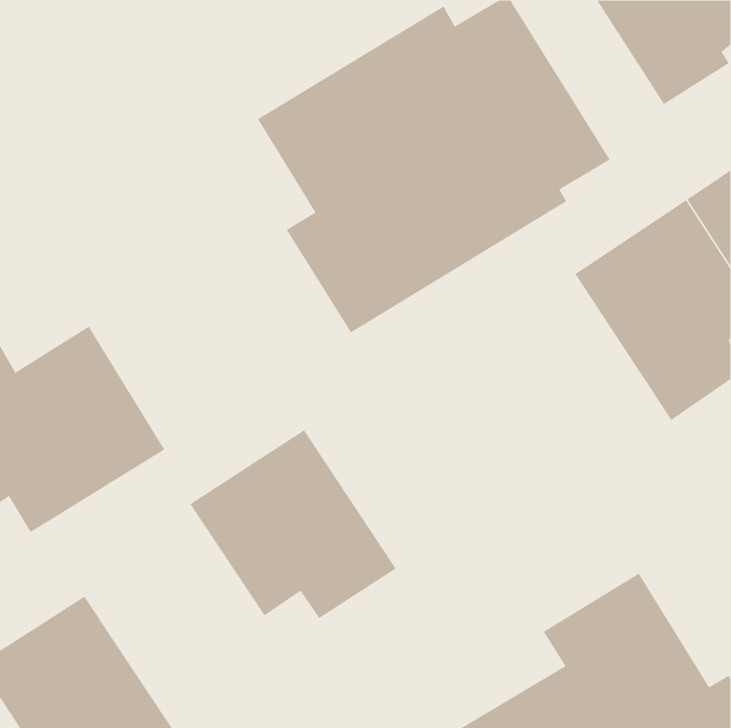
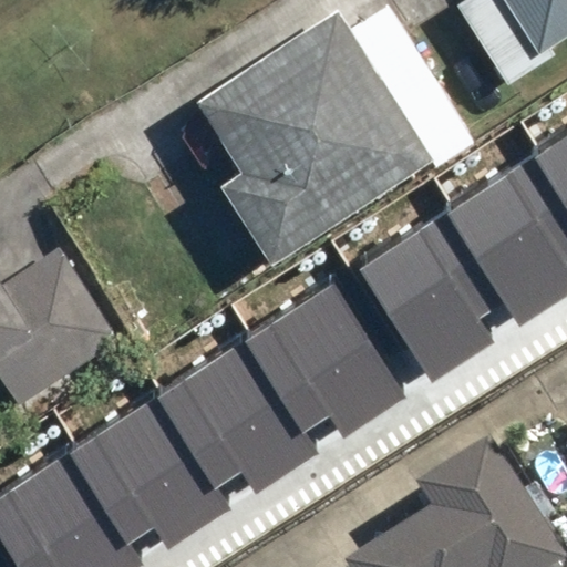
building: none -> [354,216,503,385]
building: none -> [235,288,404,437]
building: none -> [56,393,218,545]

